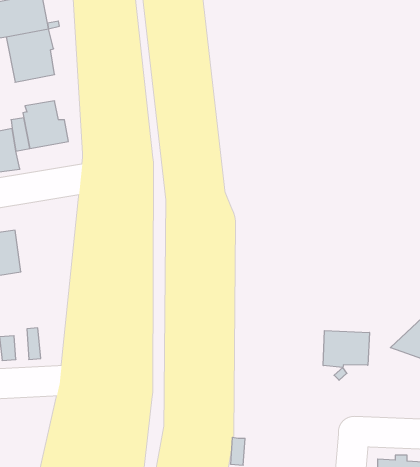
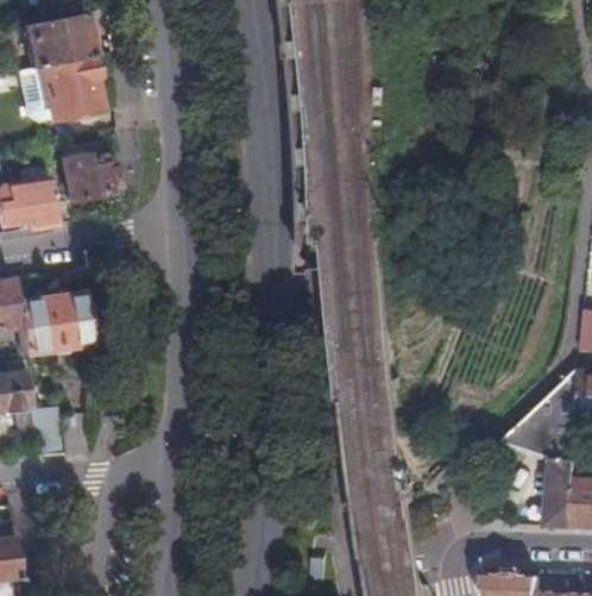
building: none -> [51,294,93,350]
building: [323,331,369,367] -> none

